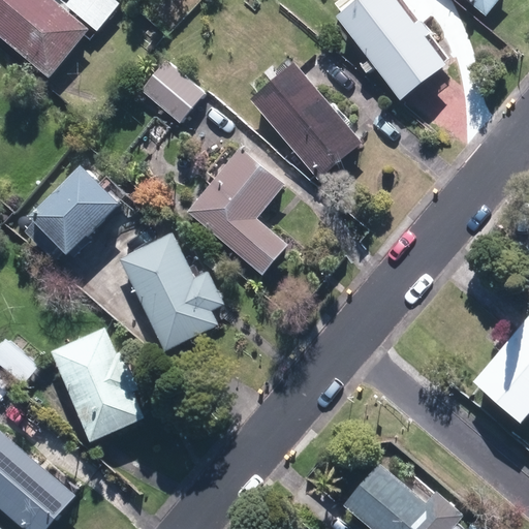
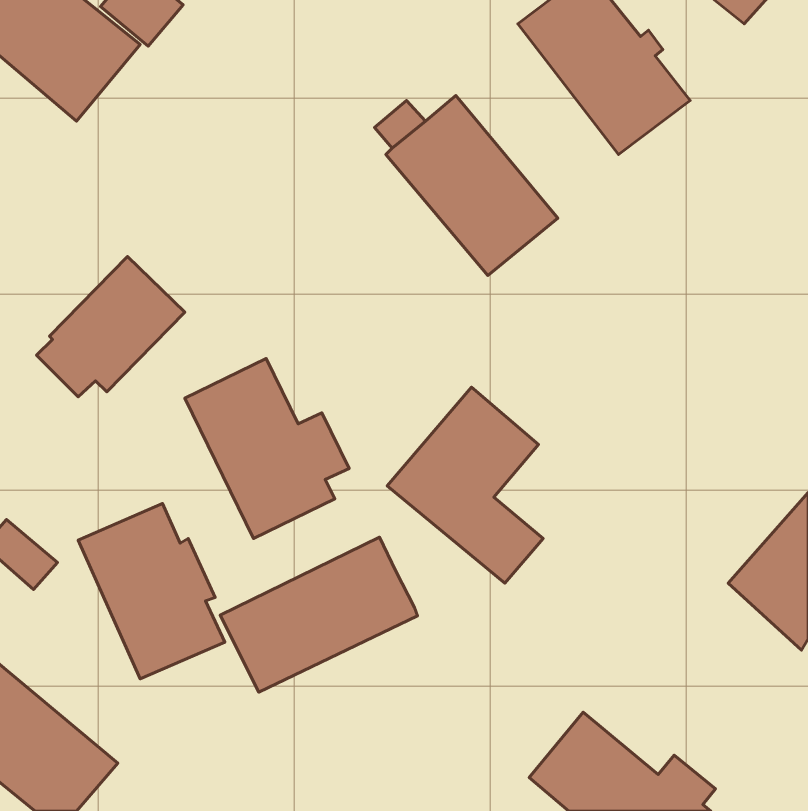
building: [139,59,206,123] -> none
building: [186,147,287,274] -> [387,387,543,583]
building: none -> [220,537,417,692]

